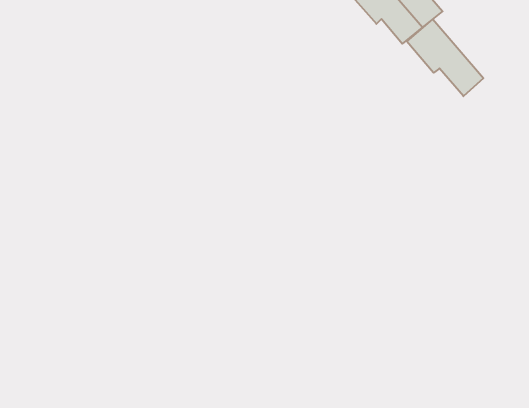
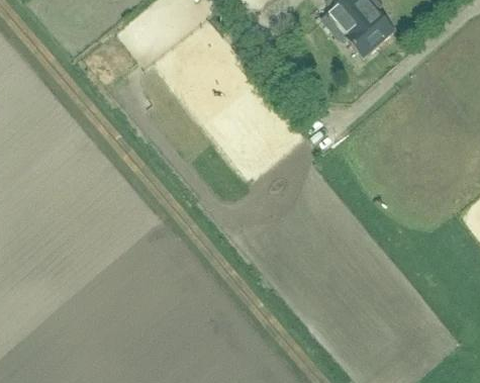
building: [407,19,483,96] -> none

